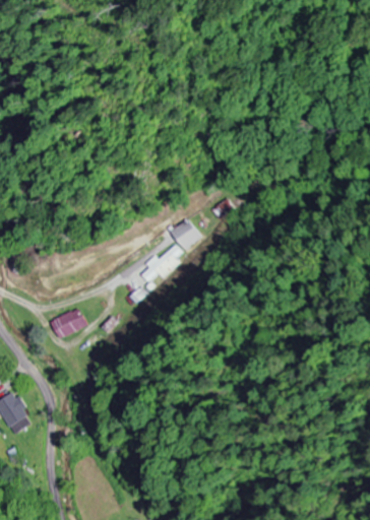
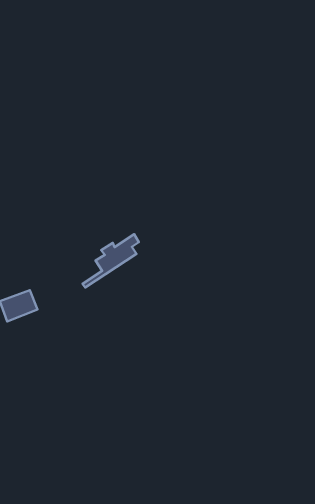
building: [167,219,197,249] -> none

